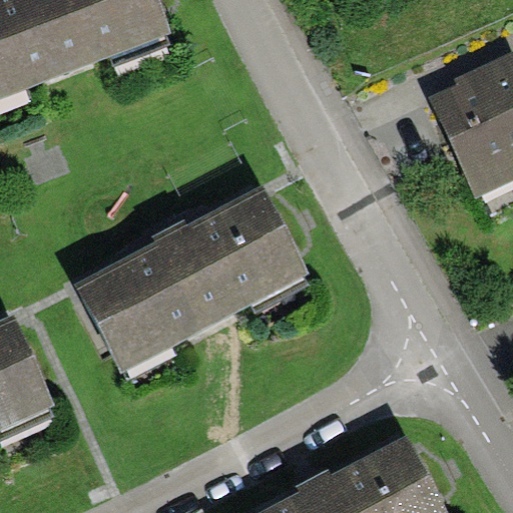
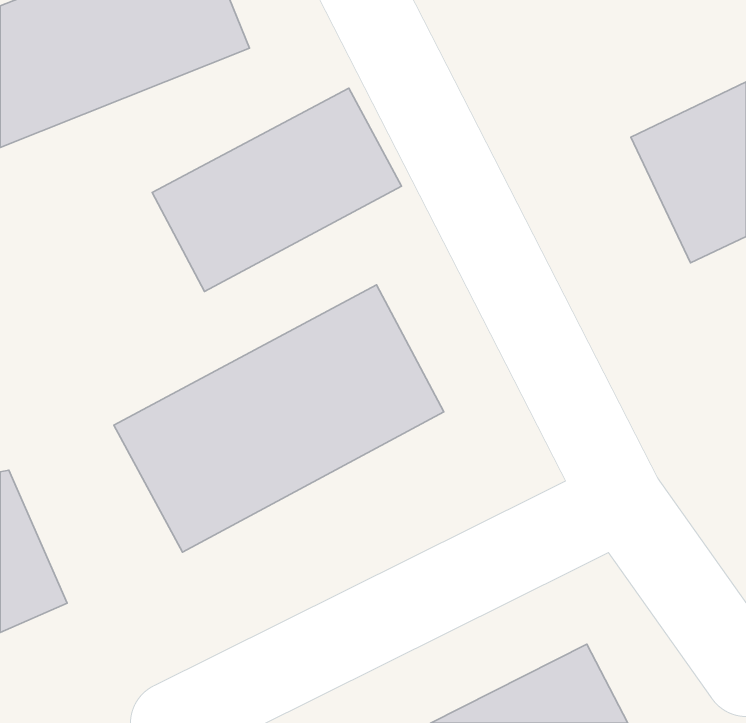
building: none -> [152,88,402,291]

